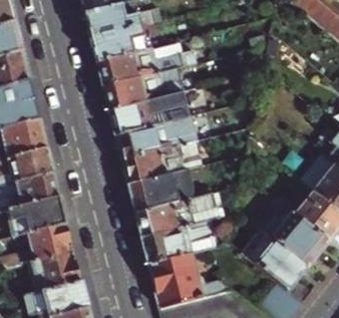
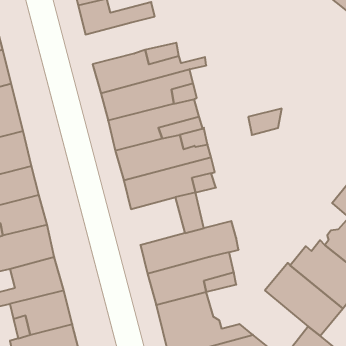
building: [91,27,133,62] -> none
building: [129,174,175,214] -> none

